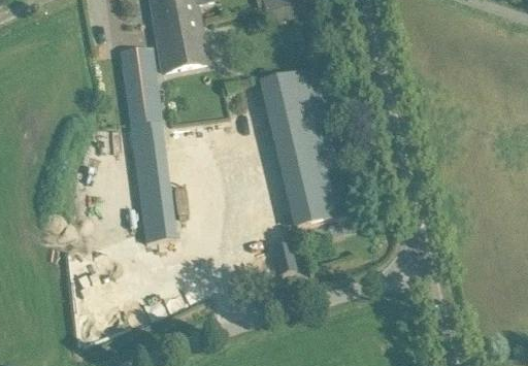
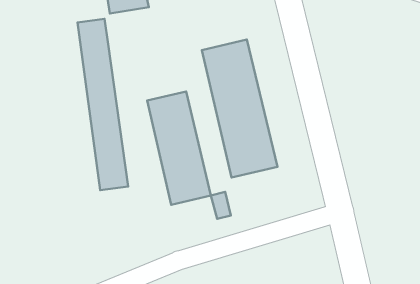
building: [157,31,207,70] -> none
building: none -> [147,91,211,205]

